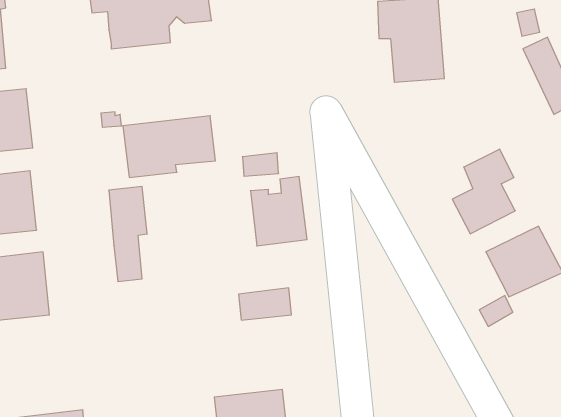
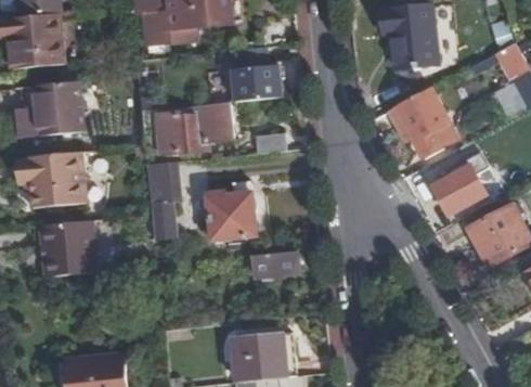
building: none -> [231,49,284,106]
building: none -> [399,77,446,146]
building: [250,177,307,246] -> [211,189,259,247]

